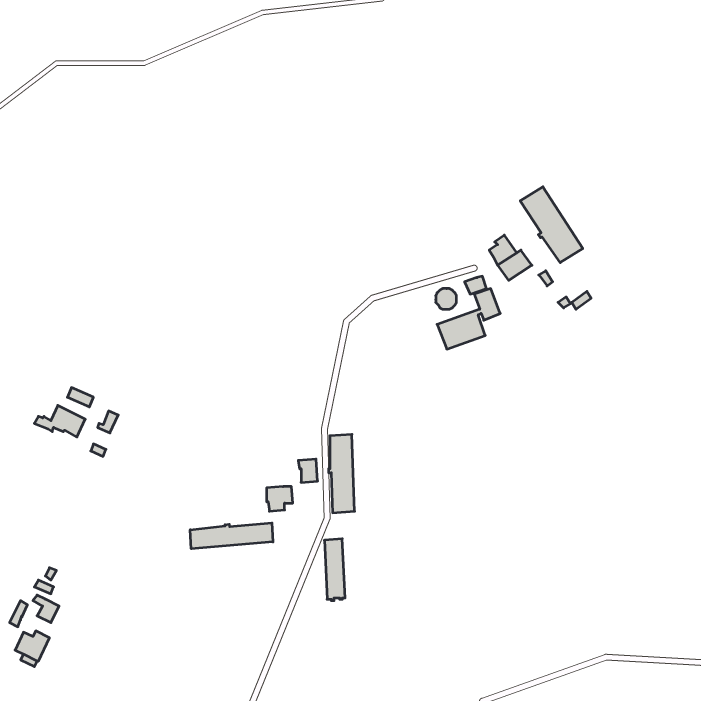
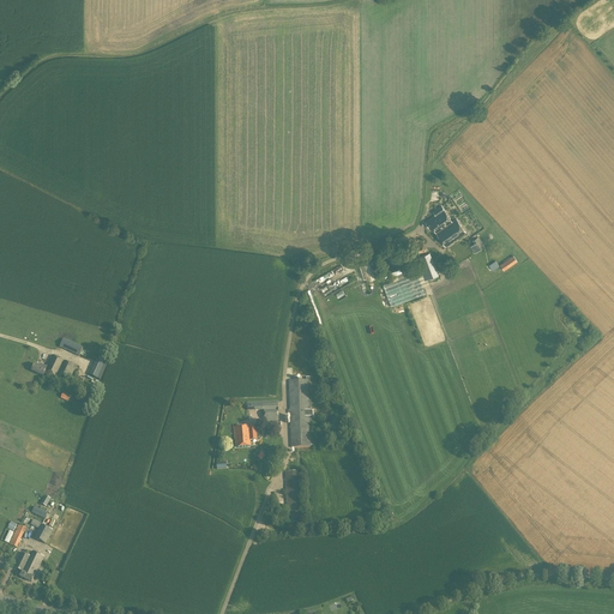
building: [520,187,583,263] -> none
building: [190,523,273,549] -> none

